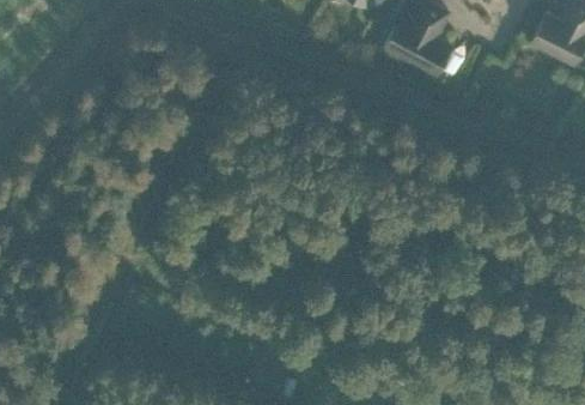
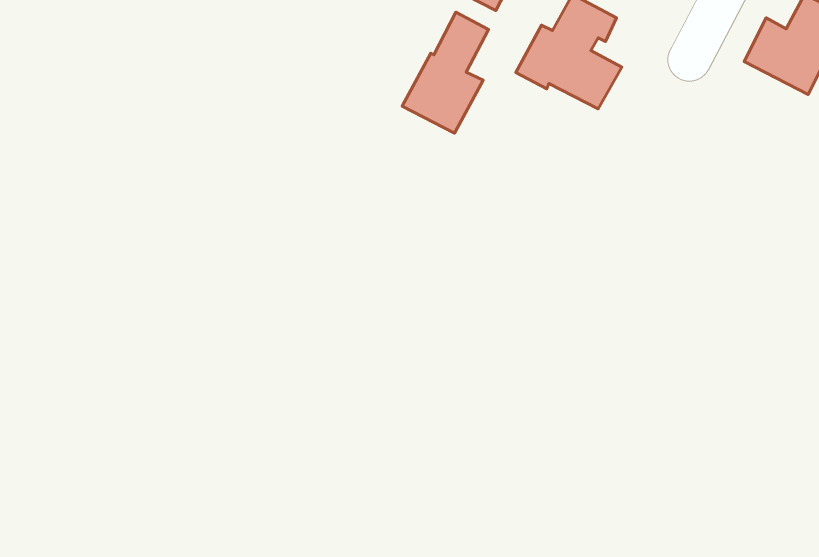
building: none -> [402,12,488,133]

